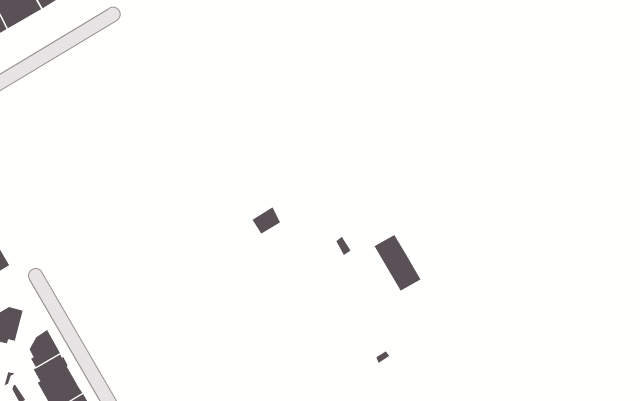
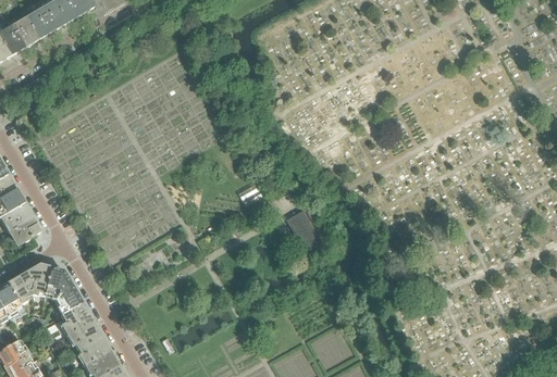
building: [374,234,421,291] -> [286,210,325,256]
building: none -> [46,267,72,299]

